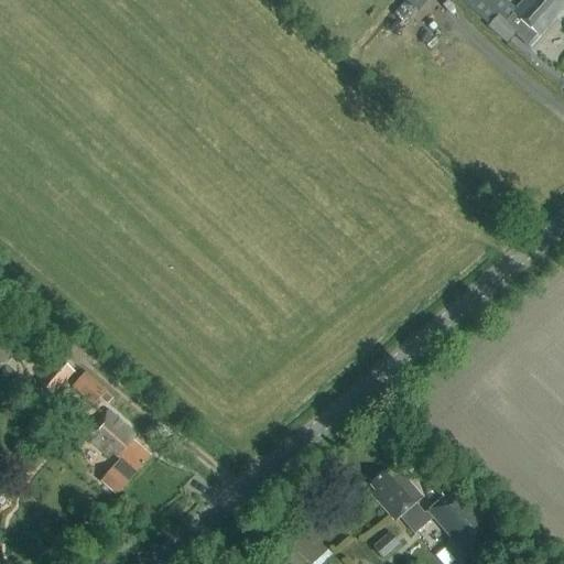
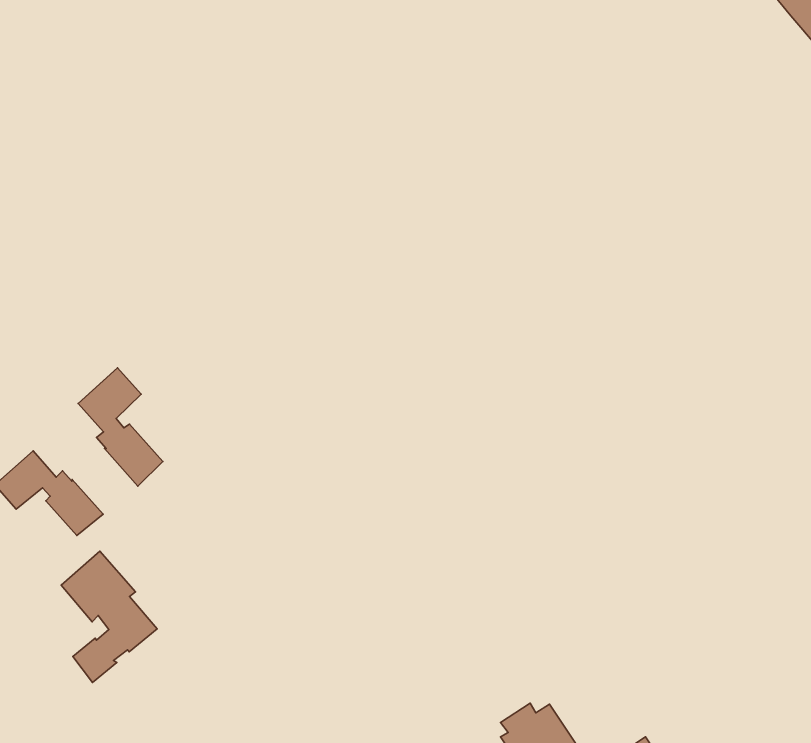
building: none -> [78,368,163,486]

